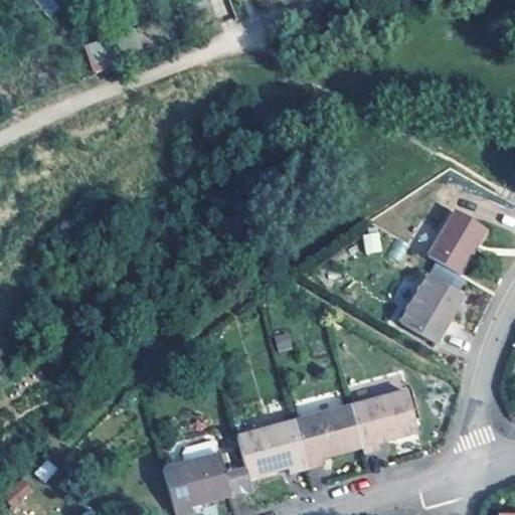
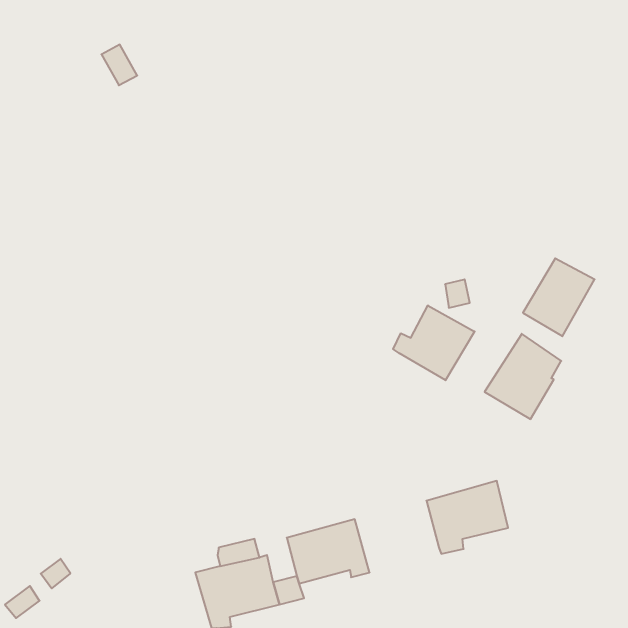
building: none -> [393,305,475,380]
building: [292,407,360,466] -> none

